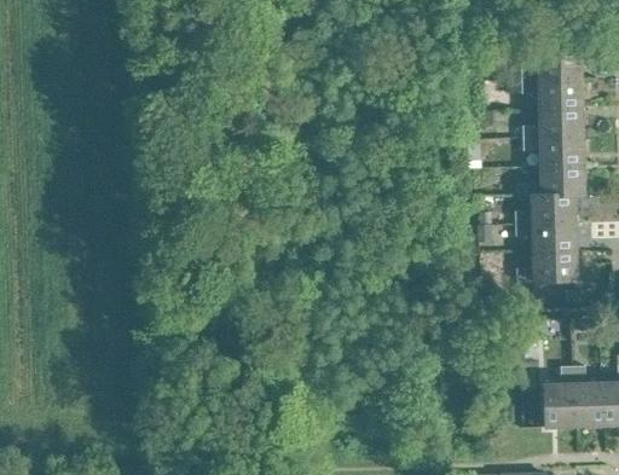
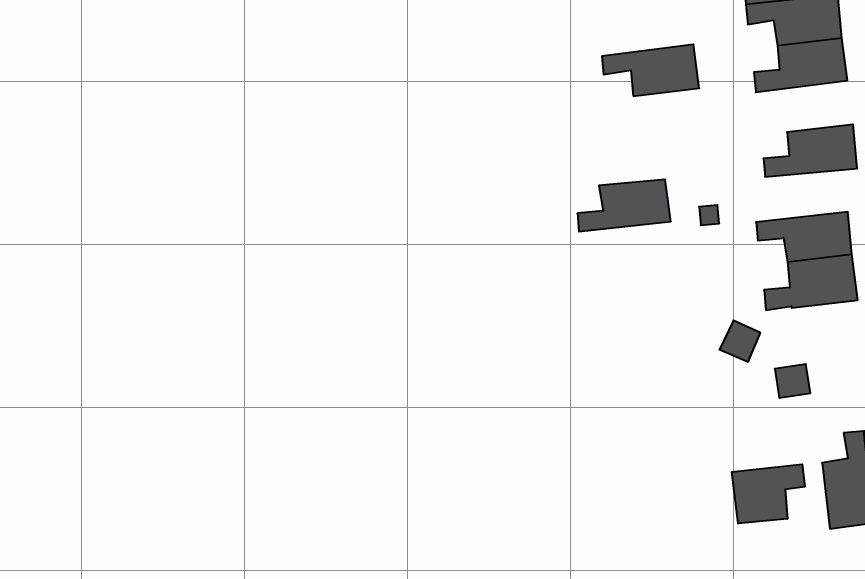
building: [522,137,584,167] -> [602,44,699,96]
building: [515,195,575,224] -> [577,179,671,232]
building: none -> [732,464,805,524]

